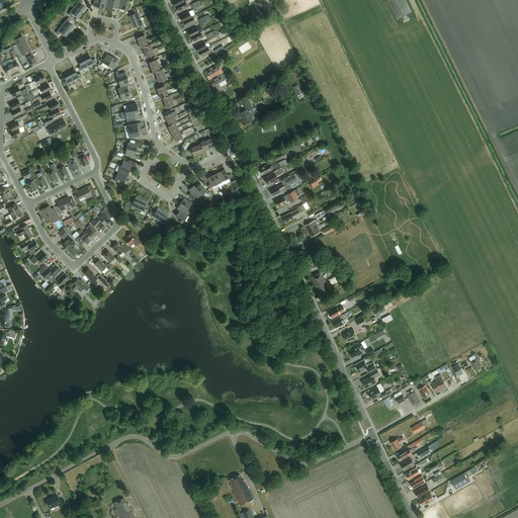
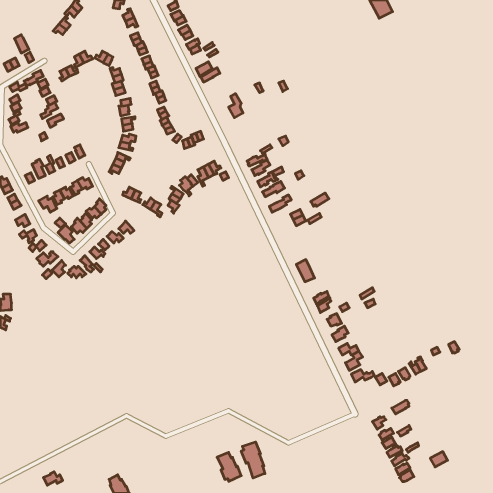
building: none -> [241,442,265,478]

